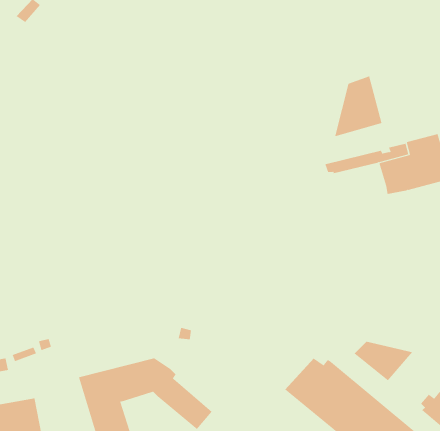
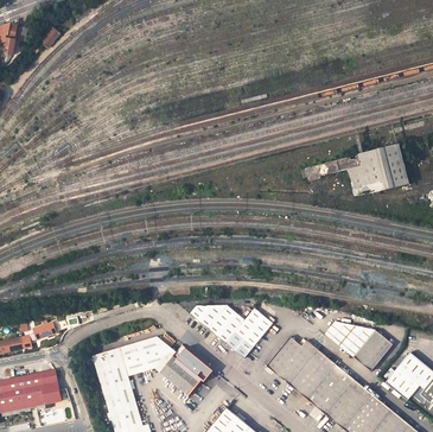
building: [335,75,382,137] -> none
building: none -> [191,303,274,356]
building: none -> [356,331,394,370]

